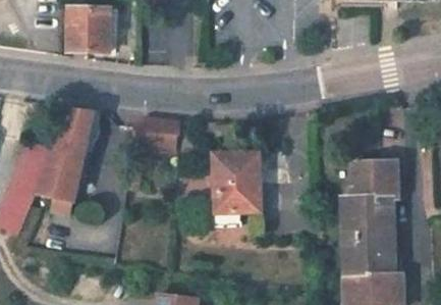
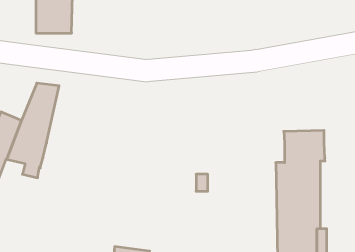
building: [134,115,179,148] -> none
building: [209,153,261,224] -> none

